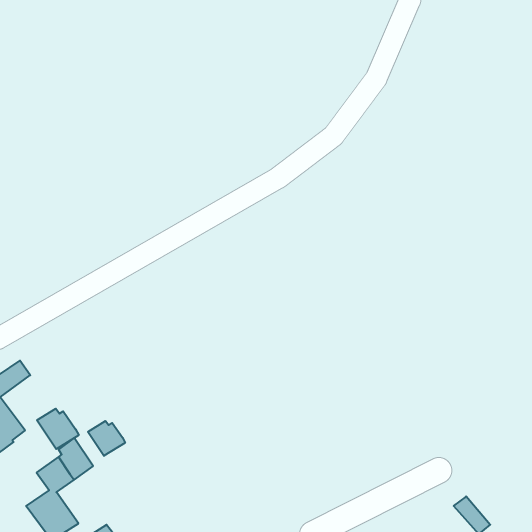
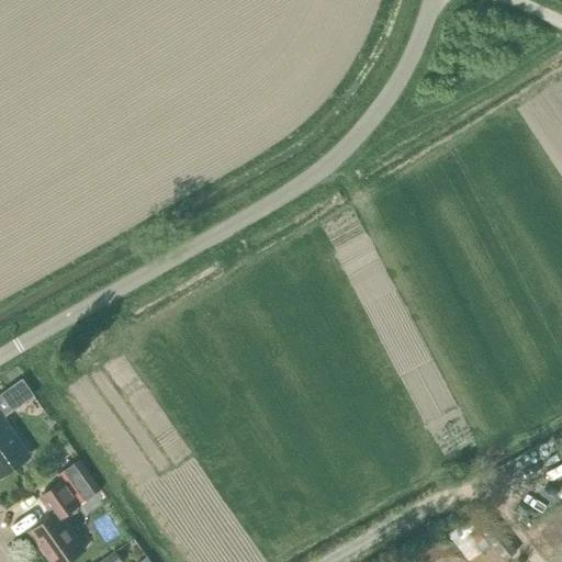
building: [37,409,79,449] -> none
building: [88,421,125,456] -> none

